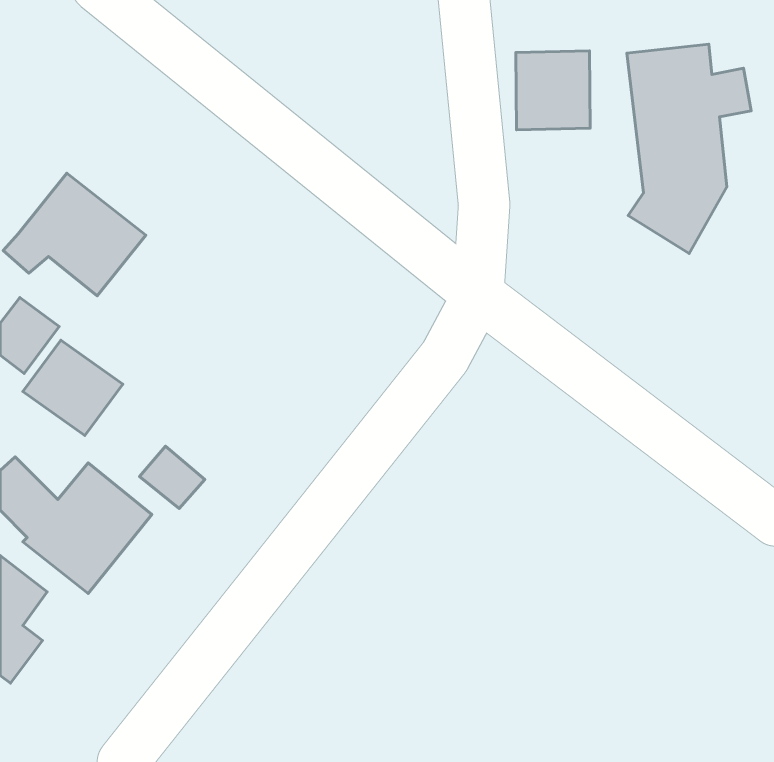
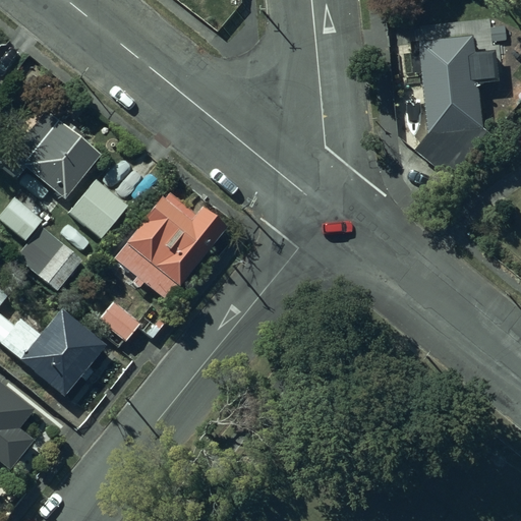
building: [516,51,590,130] -> none
building: none -> [67,180,125,238]
building: none -> [113,191,224,301]

